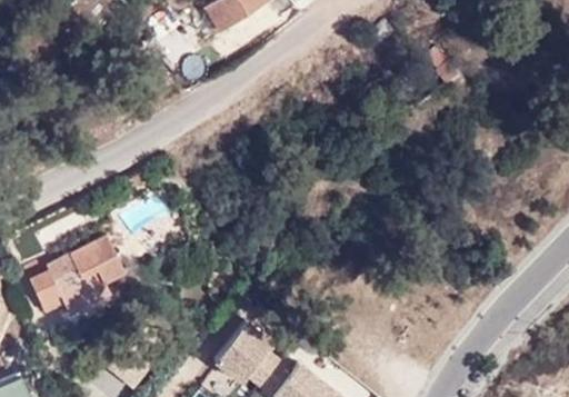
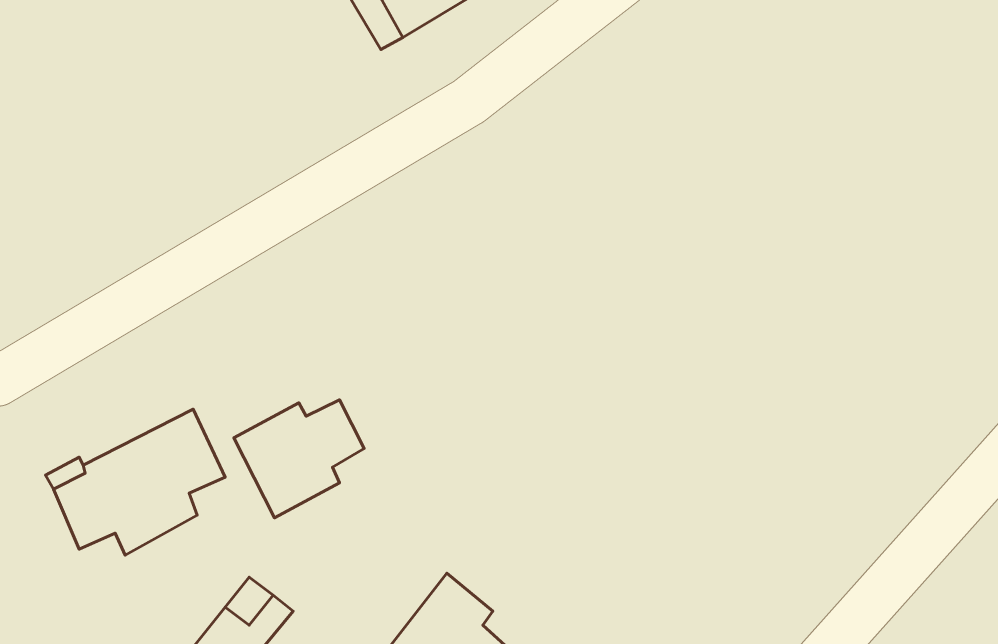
building: none -> [234,400,364,518]

